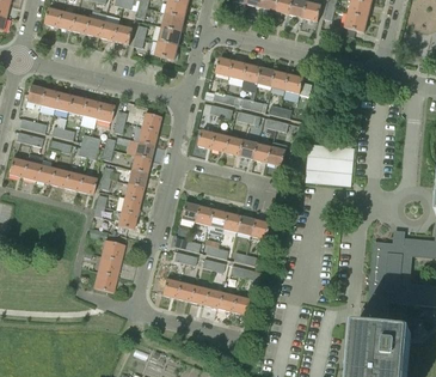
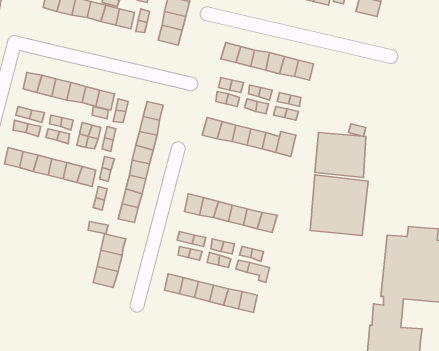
building: none -> [310,175,368,236]

